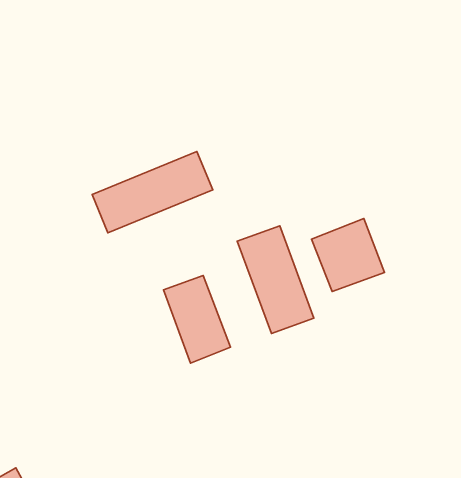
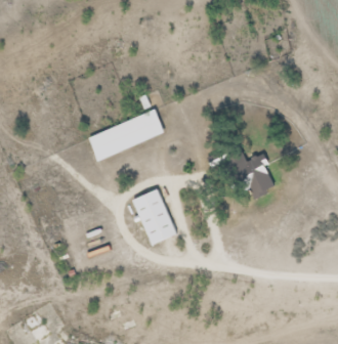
building: [237,226,314,334] -> none

